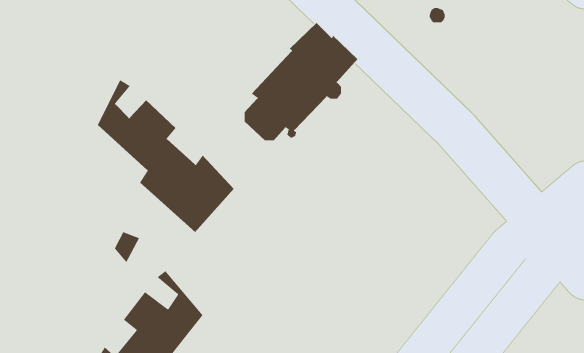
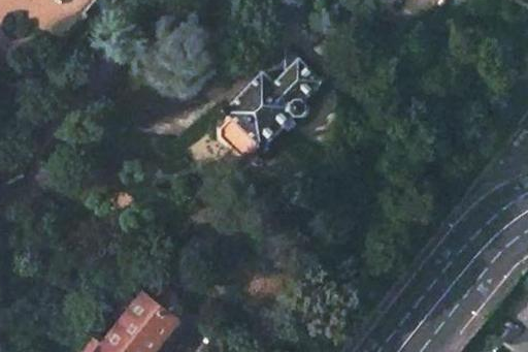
building: [97,79,235,233] -> none

